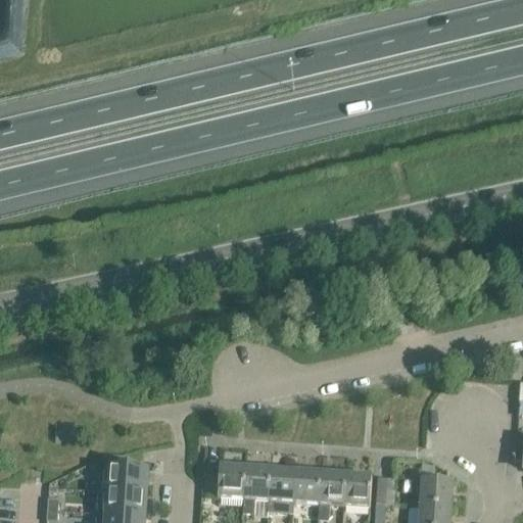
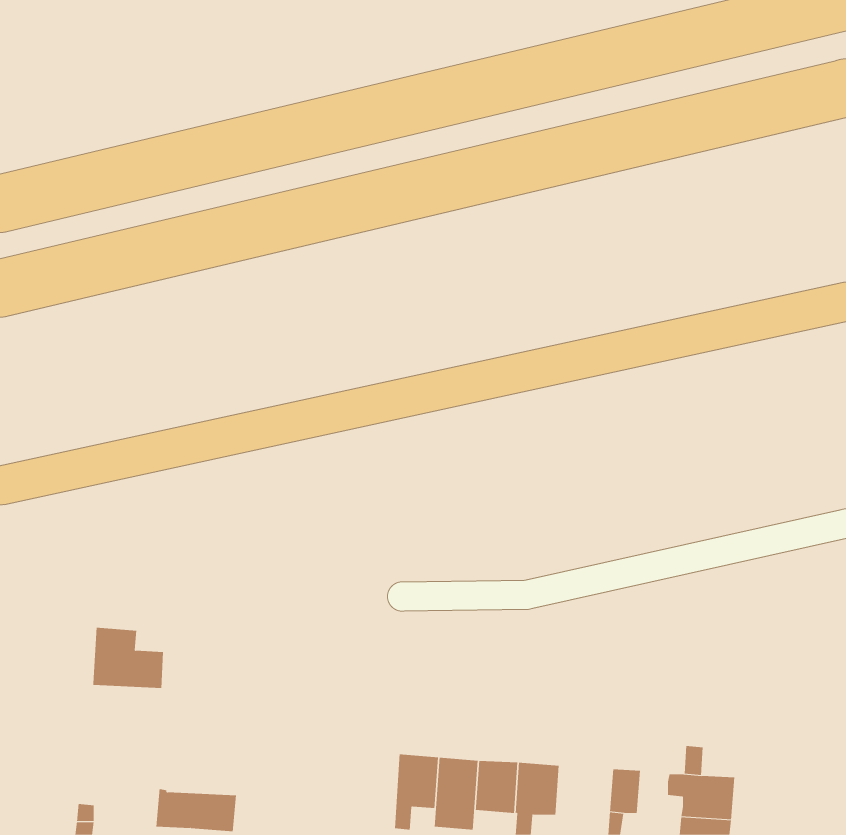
building: [103,453,147,490] -> [93,627,164,688]
building: [217,464,246,511] -> none
building: [343,472,372,505] -> none

